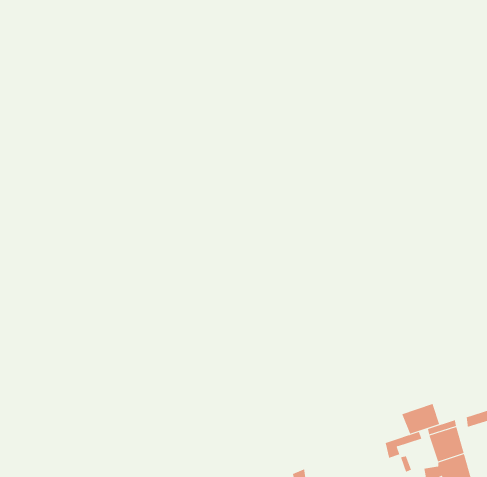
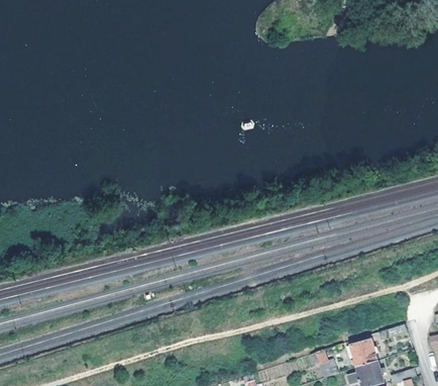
building: [401,403,440,435] -> none

